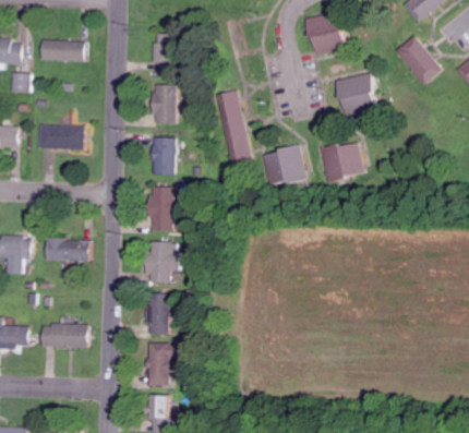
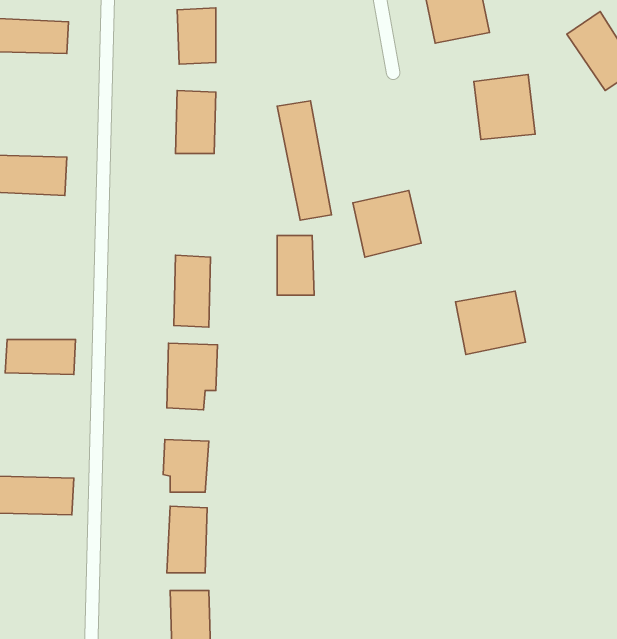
building: [152,137,175,175] -> [277,236,314,295]
building: [320,142,363,181] -> [455,291,526,354]

